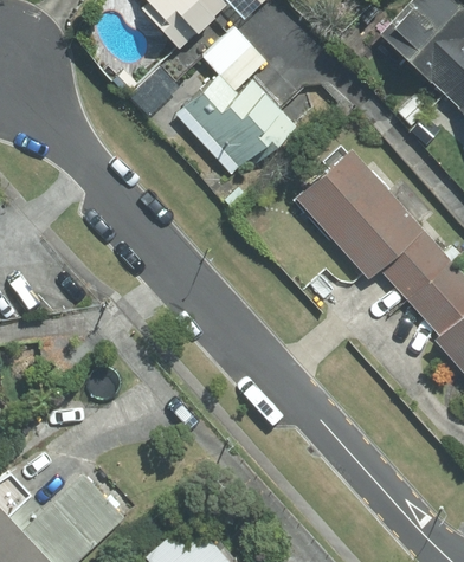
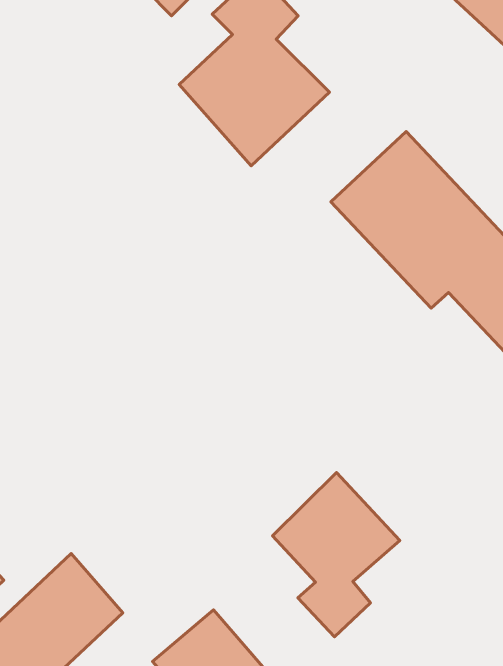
building: none -> [273,473,400,637]

